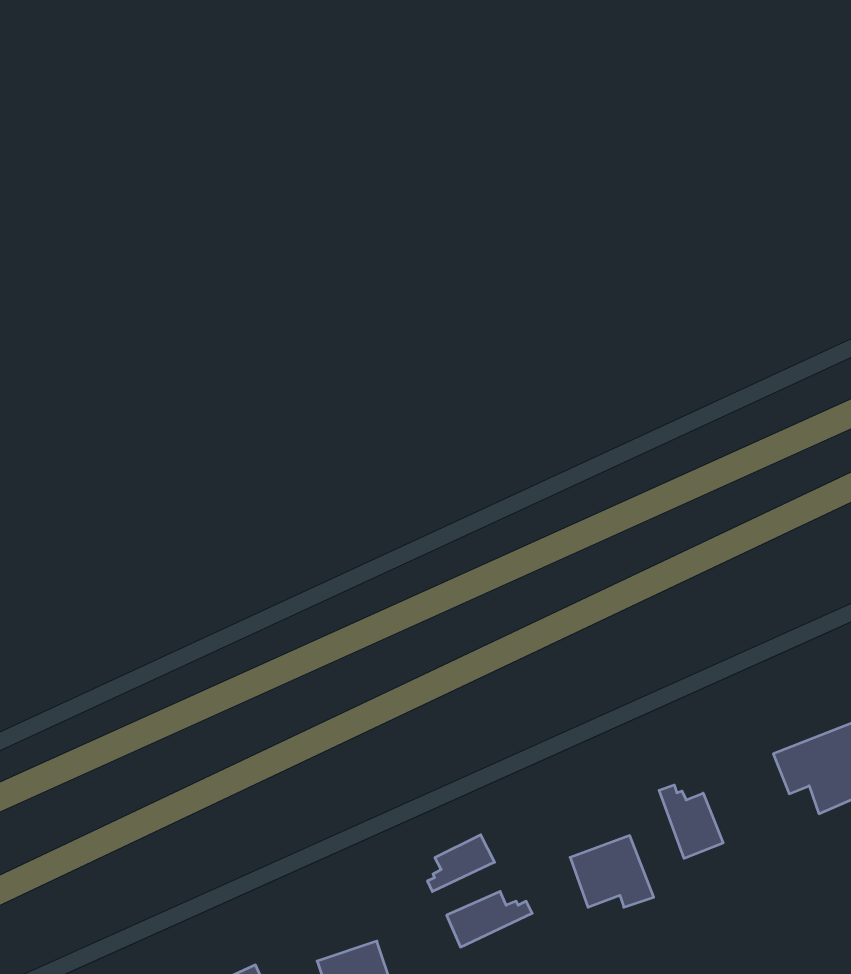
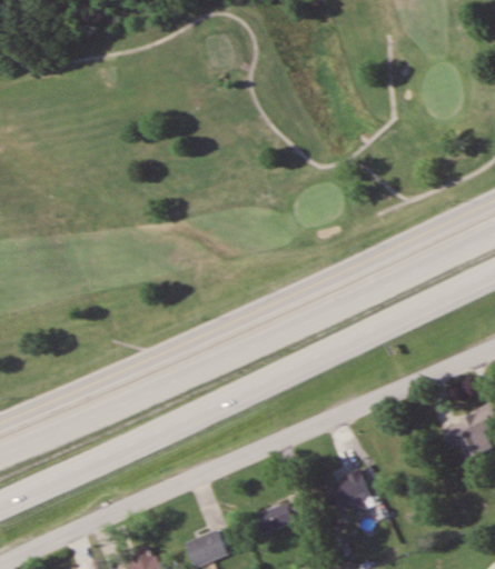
building: [659,785,723,858] -> none
building: [428,835,495,892] -> none

